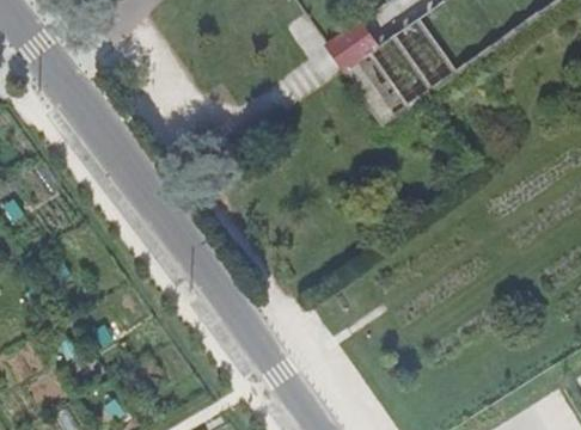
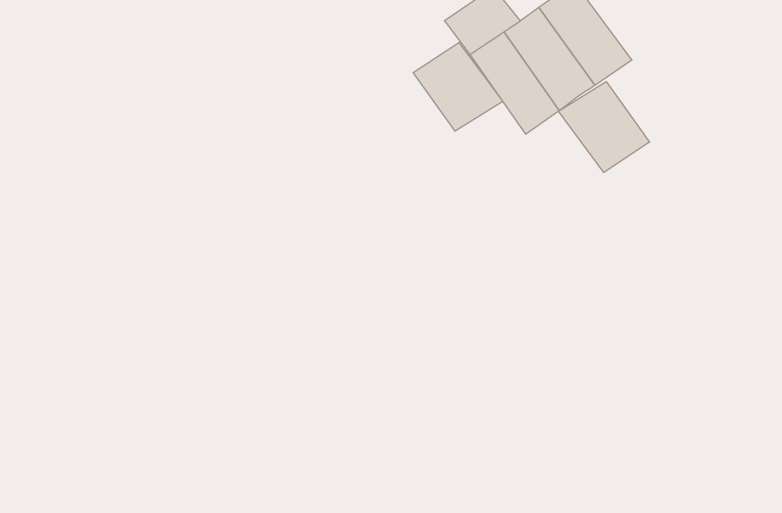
building: none -> [413,42,503,131]
building: none -> [558,82,650,172]

